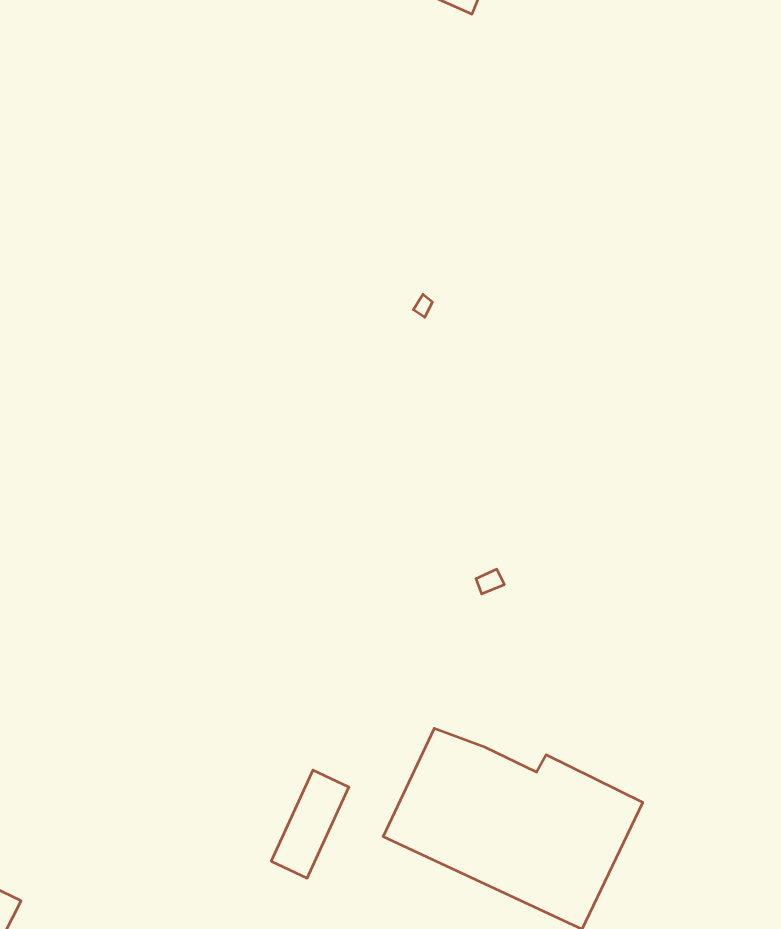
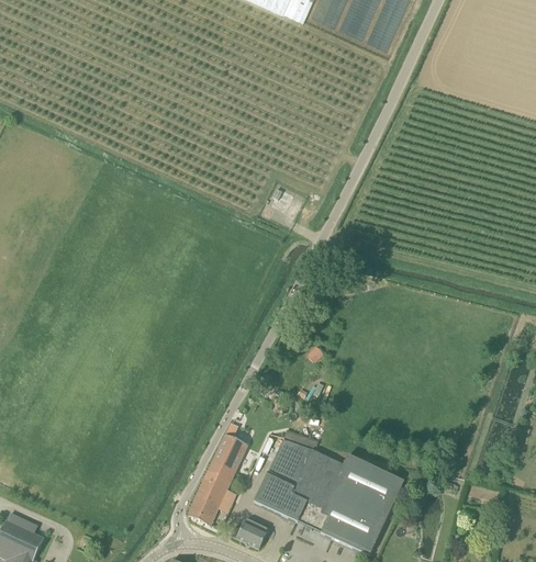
building: none -> [213,435,247,472]
building: none -> [231,518,269,549]

